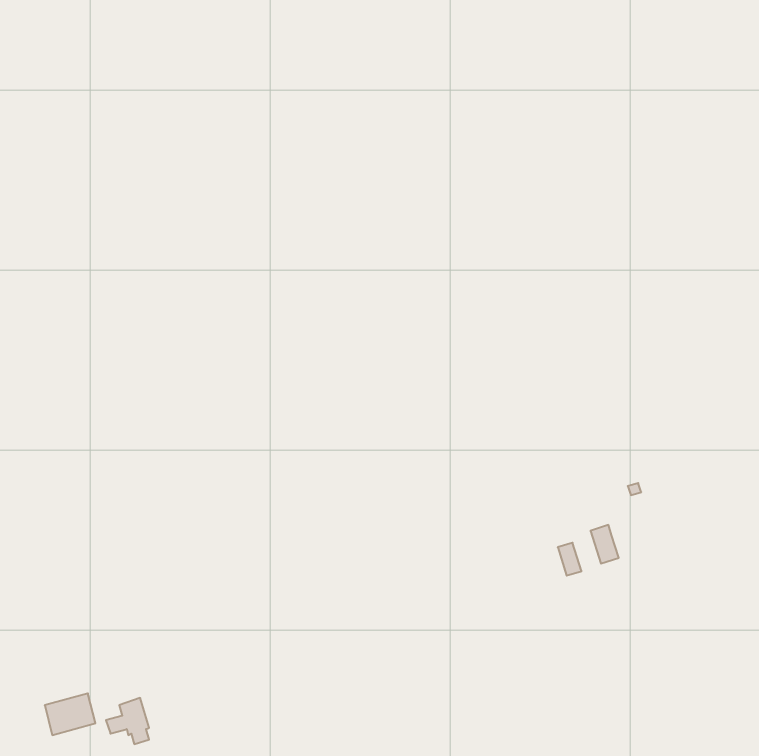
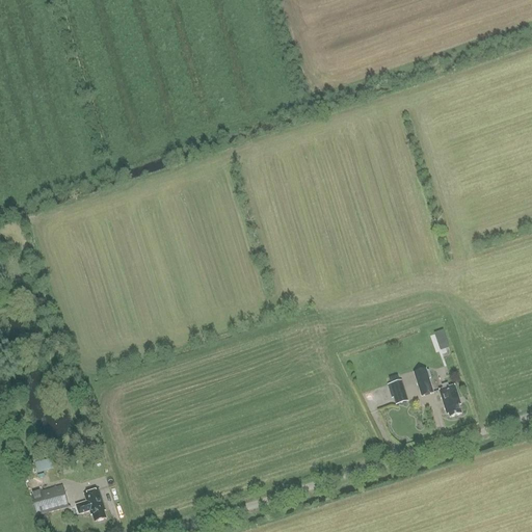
building: none -> [437,381,460,414]

